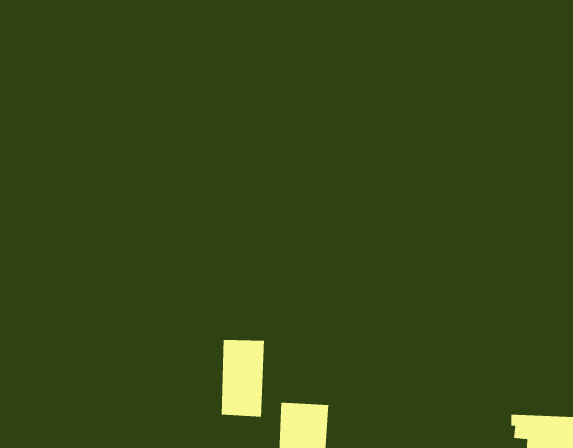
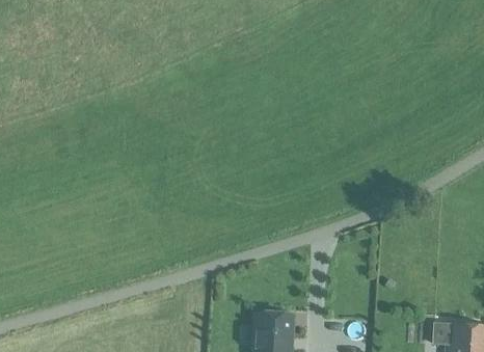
building: [221,339,264,417] -> none

